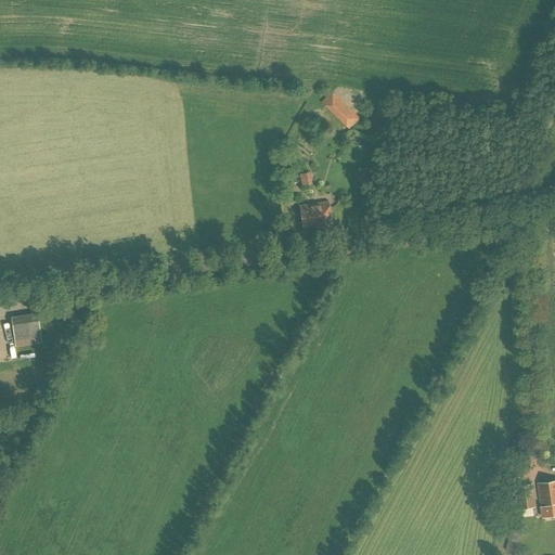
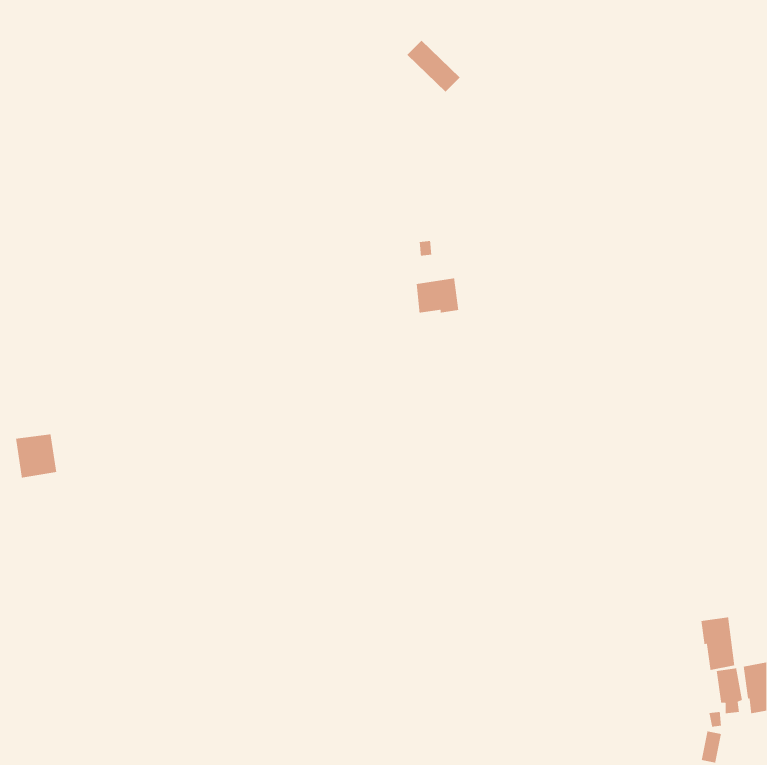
building: [321,90,360,128] -> [406,40,460,92]
building: none -> [701,617,735,671]

